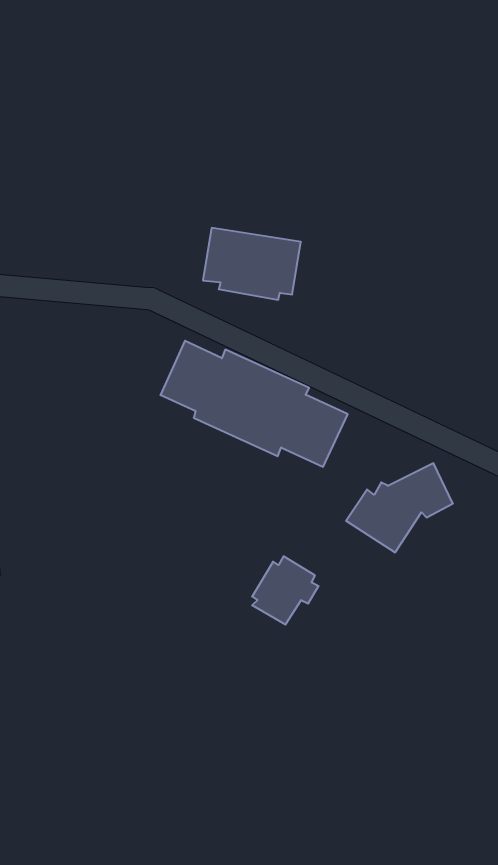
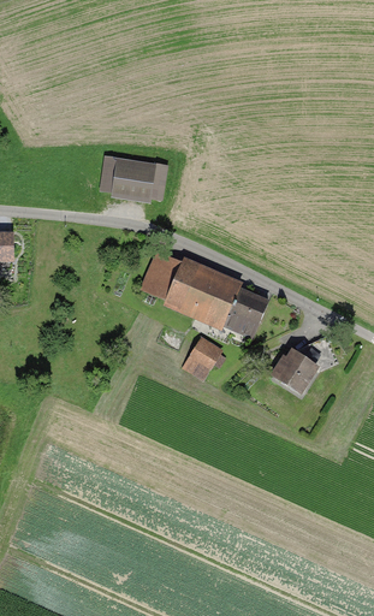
building: [203,228,301,300] -> [99,154,166,203]
building: [252,556,319,625] -> [180,333,226,380]

